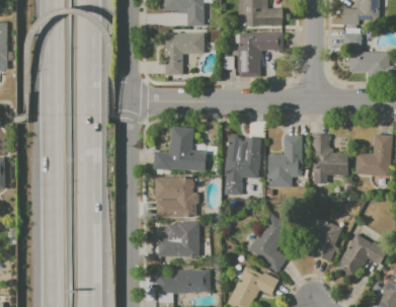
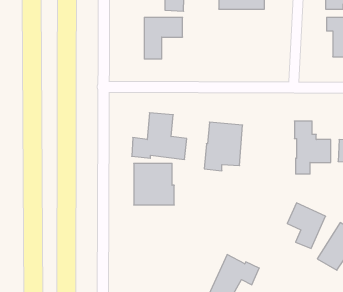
building: [237,32,282,76] -> none
building: [267,135,302,186] -> none
building: [247,216,292,272] -> none
building: [158,222,200,257] -> none
building: [157,271,210,292] -> none

